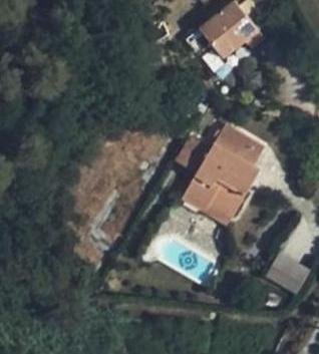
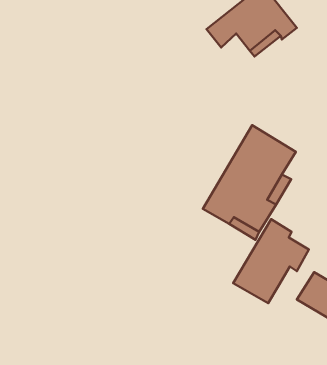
building: none -> [233,219,309,303]

